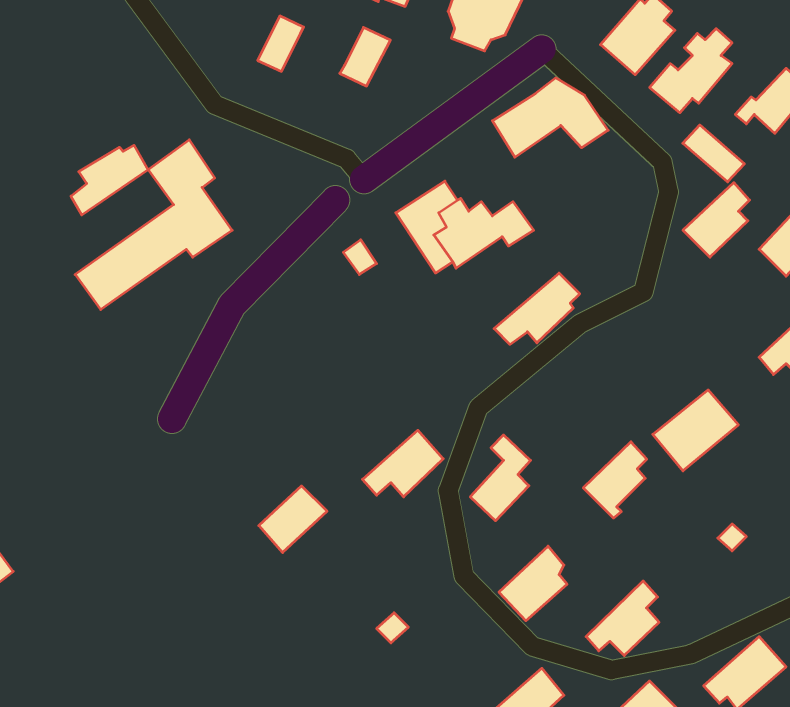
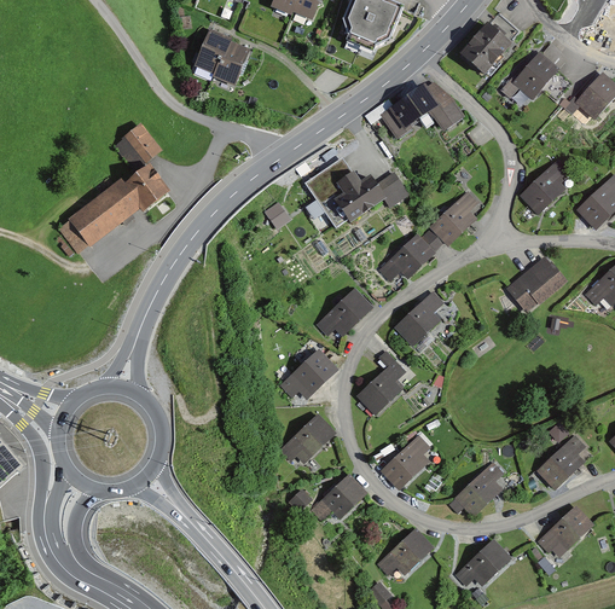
building: [340,27,390,86] -> [211,44,250,88]
building: [683,125,744,182] -> none
building: [71,145,148,215] -> none
building: none -> [427,188,481,249]
building: none -> [318,285,376,337]
building: [653,390,738,471] -> [504,253,569,314]
building: [583,442,647,518] -> [398,290,446,348]
building: [259,486,327,553] -> [282,414,333,465]
building: none -> [544,433,588,485]
building: none -> [309,474,362,520]

